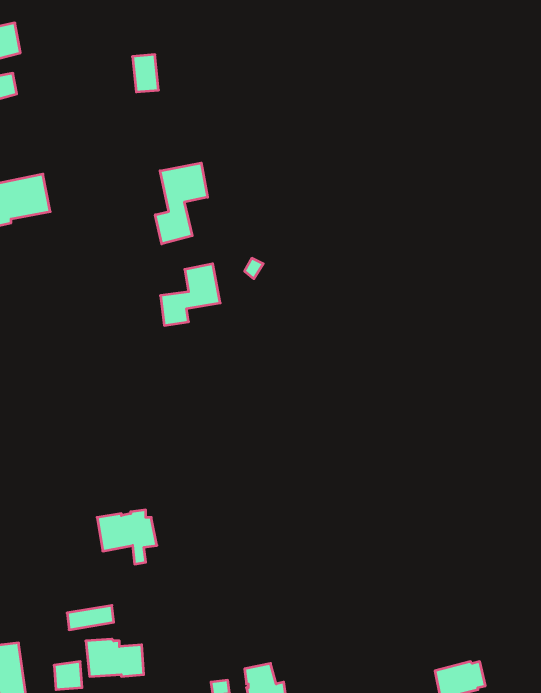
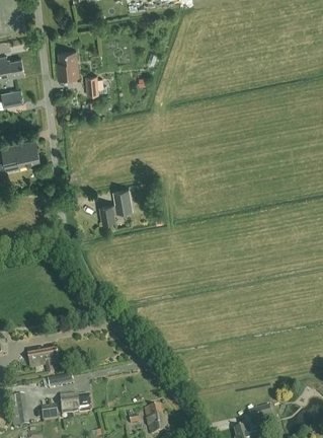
building: none -> [56,50,79,79]
building: [155,163,208,244] -> none
building: [97,510,157,564] -> [26,345,59,374]

